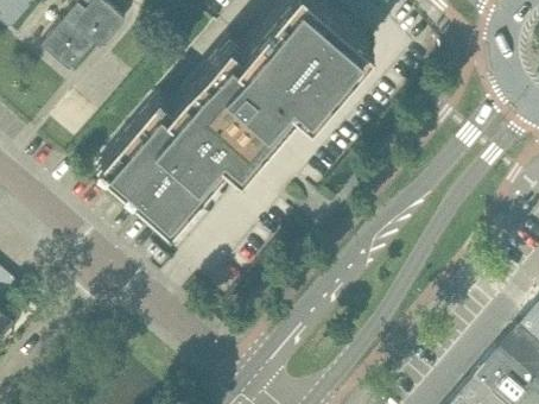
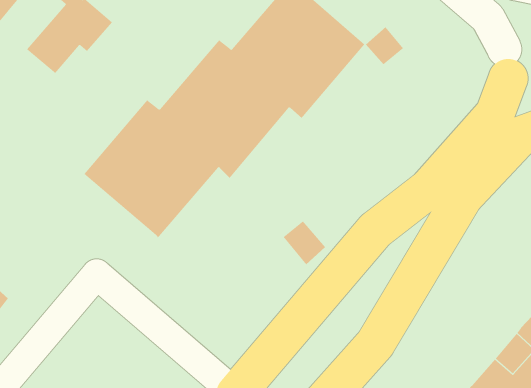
building: none -> [365,26,404,65]
building: none -> [283,220,326,265]

